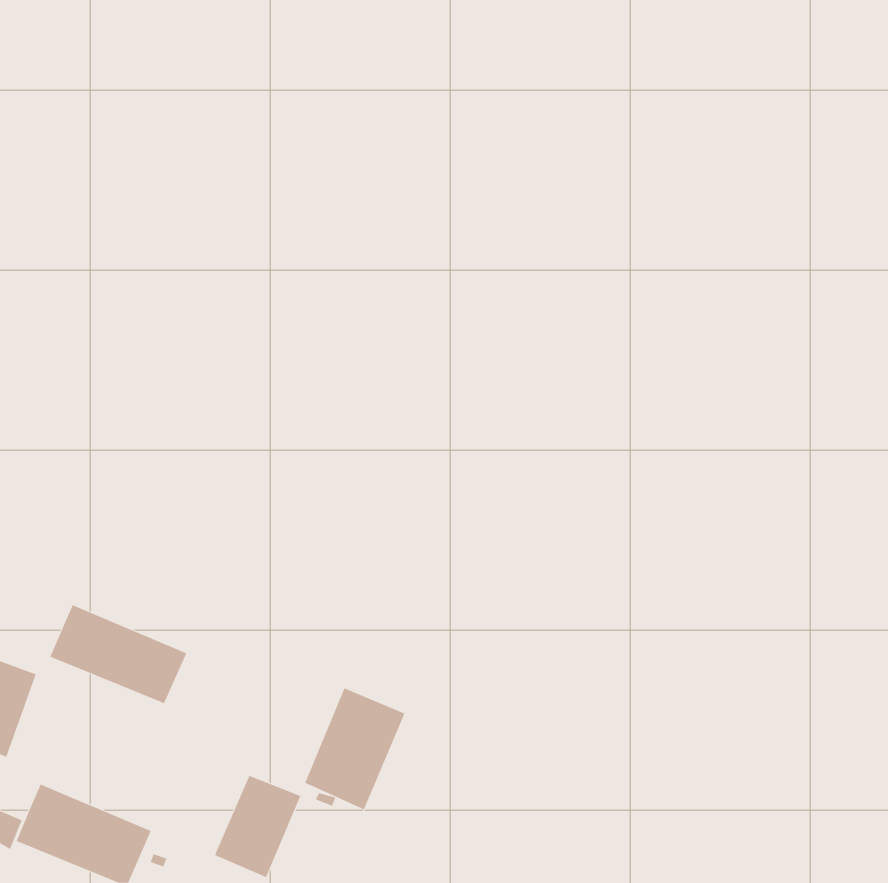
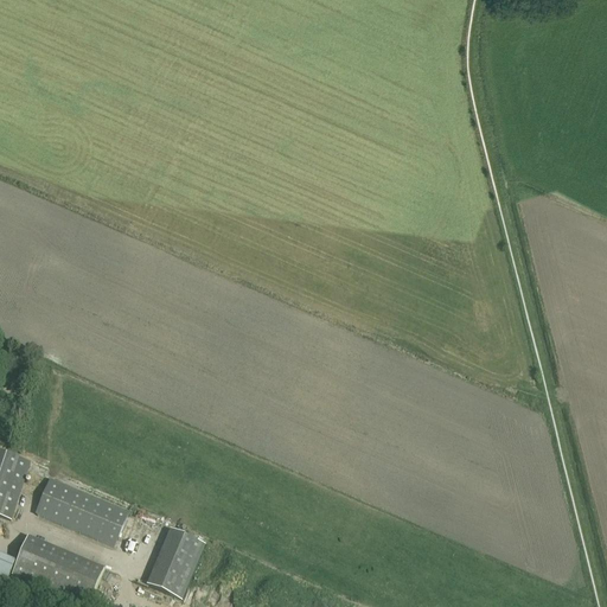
building: [50,604,187,704] -> [34,477,128,544]
building: [304,688,405,810] -> none

